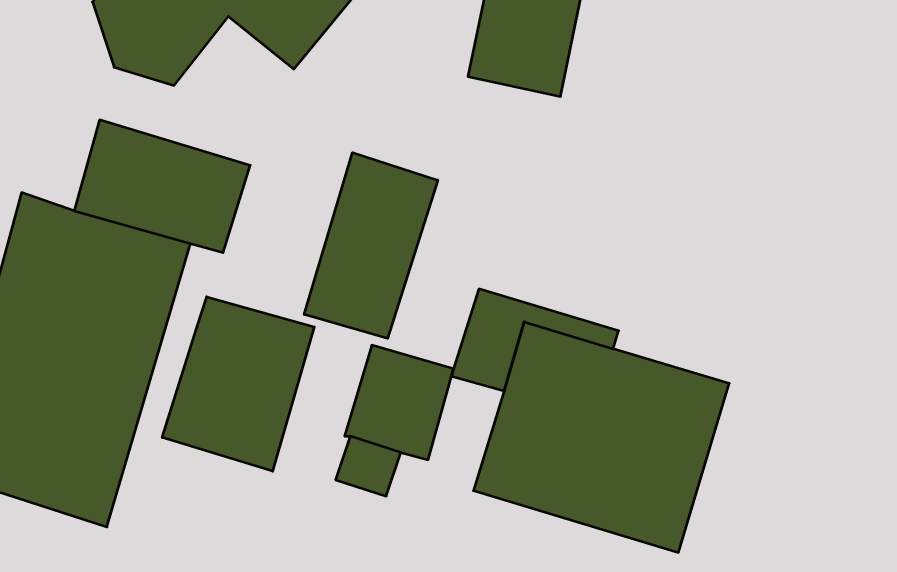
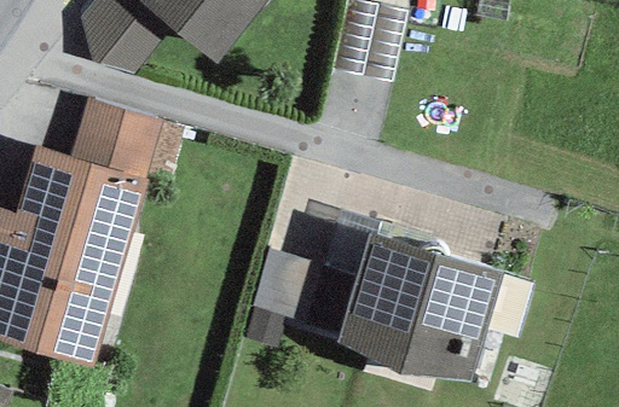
building: [304,153,438,338] -> none
building: [162,297,314,471] -> none

